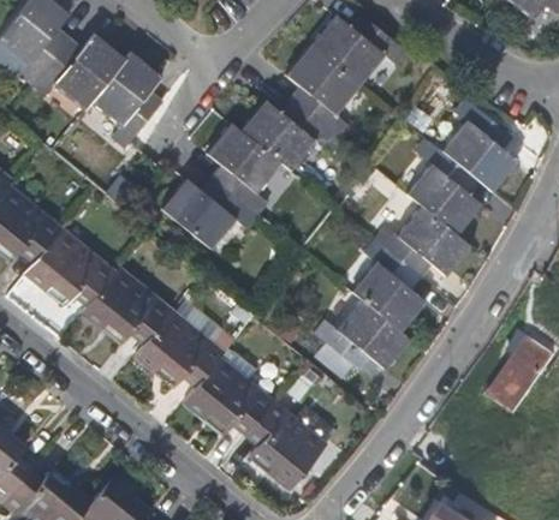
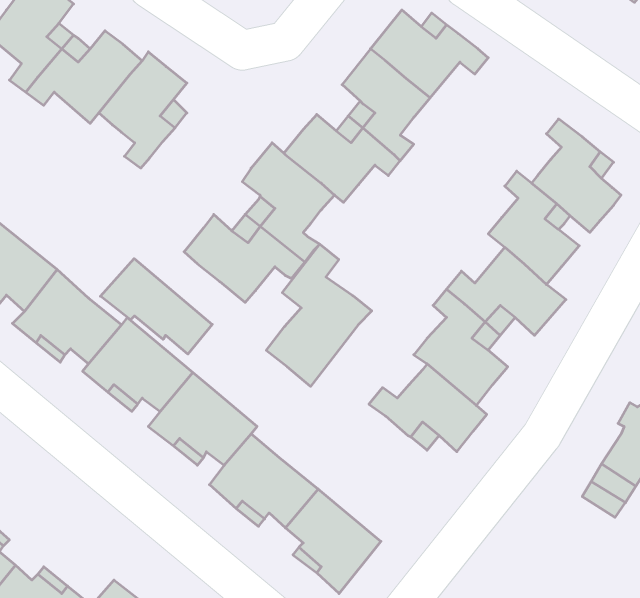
building: none -> [266,244,372,386]
building: none -> [100,259,212,354]

